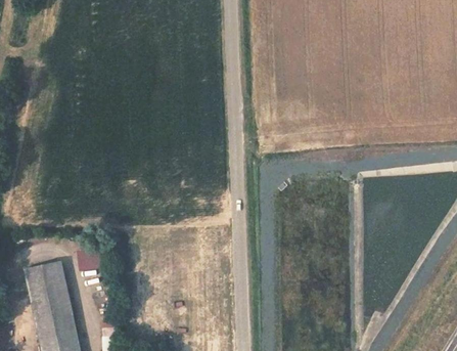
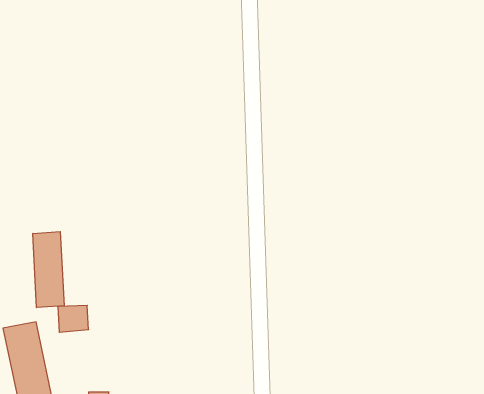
building: none -> [33,232,64,308]

